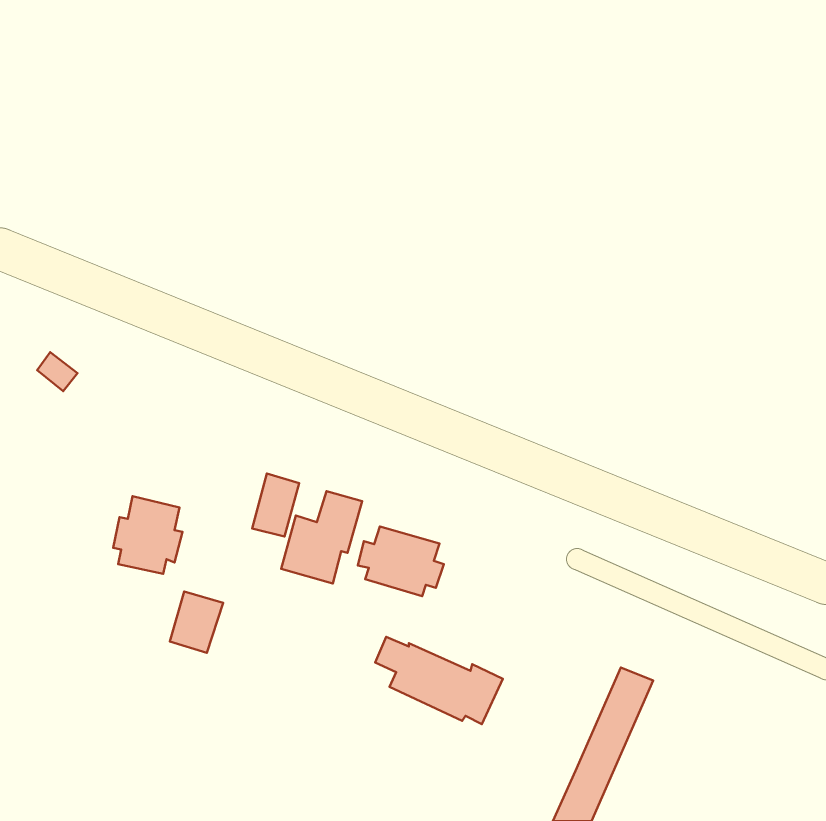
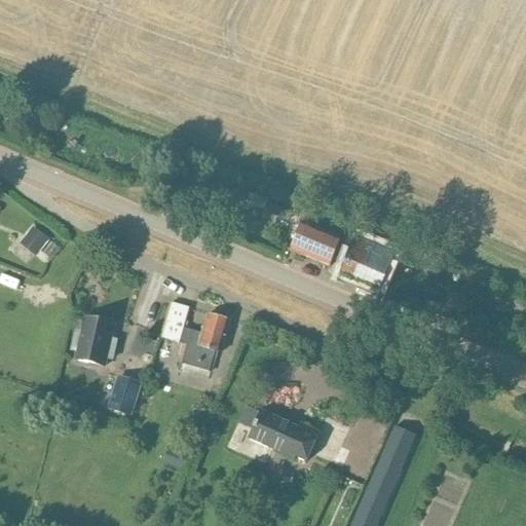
building: none -> [291,223,340,262]
building: none -> [340,233,396,287]
building: [358,527,444,596] -> none

